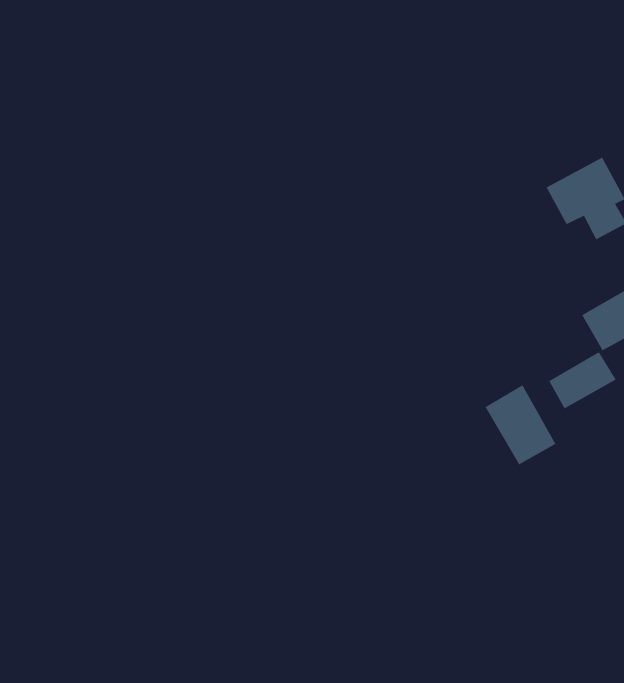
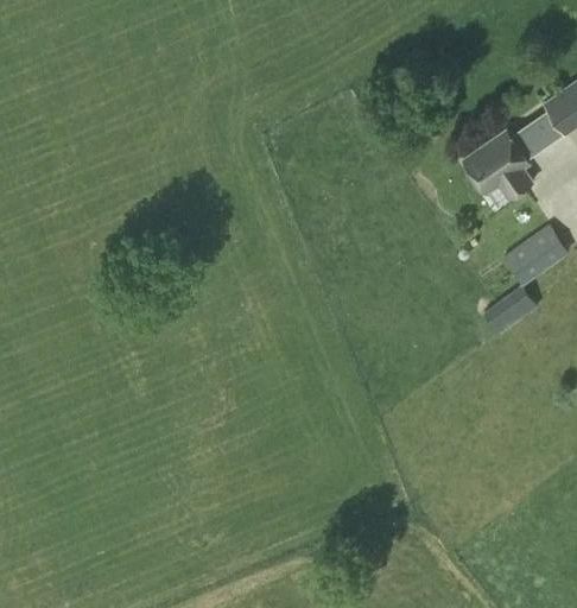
building: [485,384,557,465] -> none

